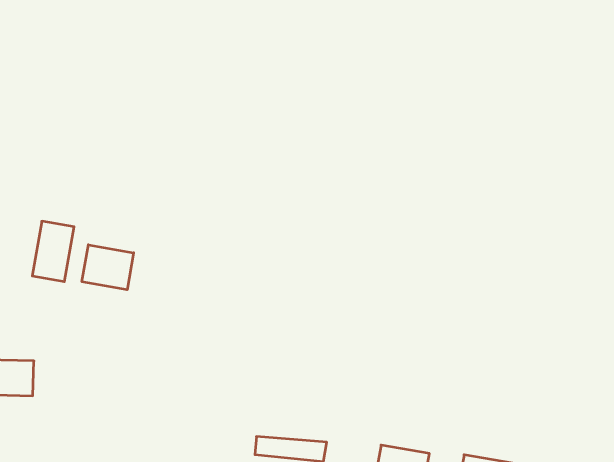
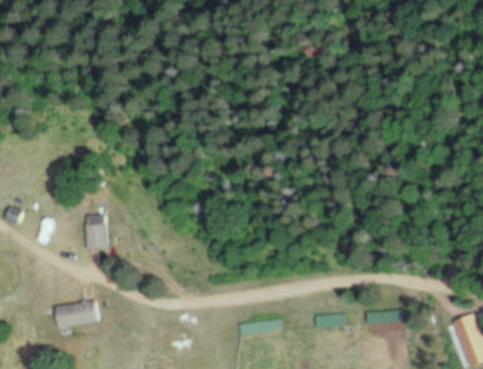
building: [82,245,134,290] -> none

